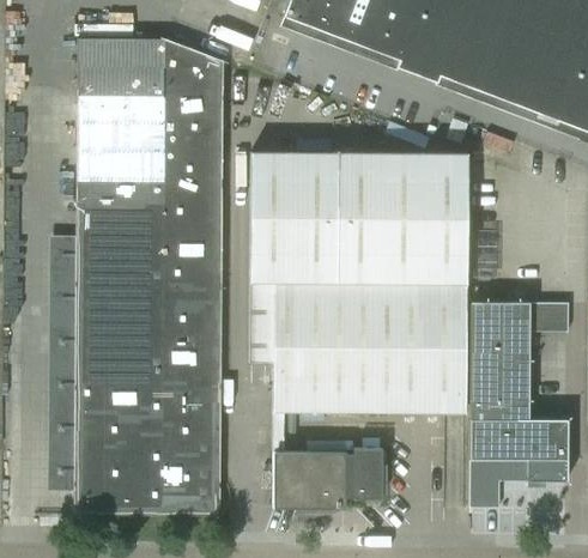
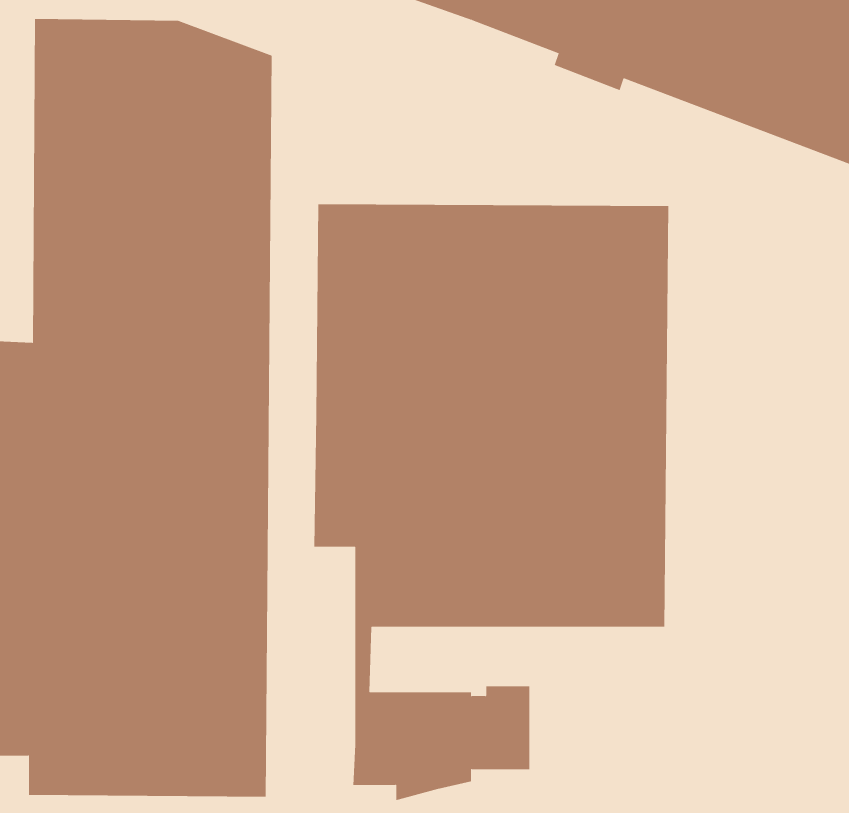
building: [468,302,569,507] -> none

